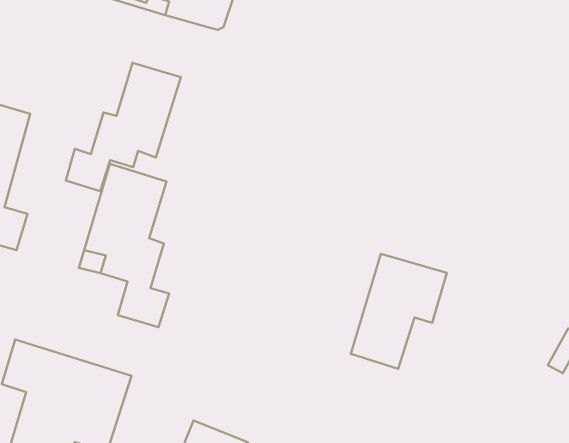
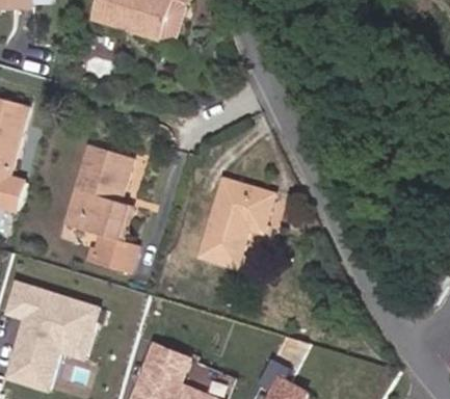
building: [66,63,181,191] -> none
building: [351,254,447,369] -> [200,180,273,268]

